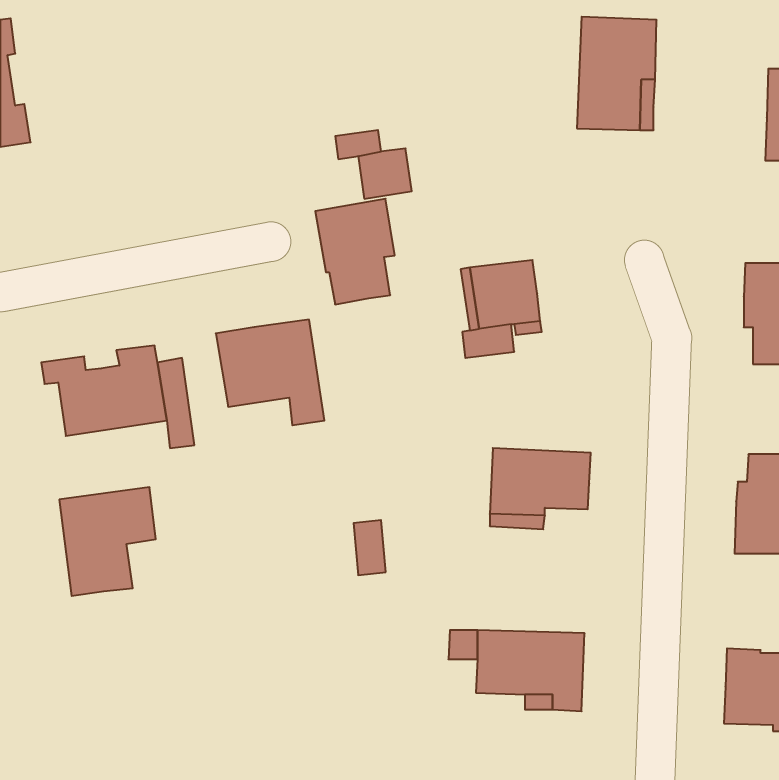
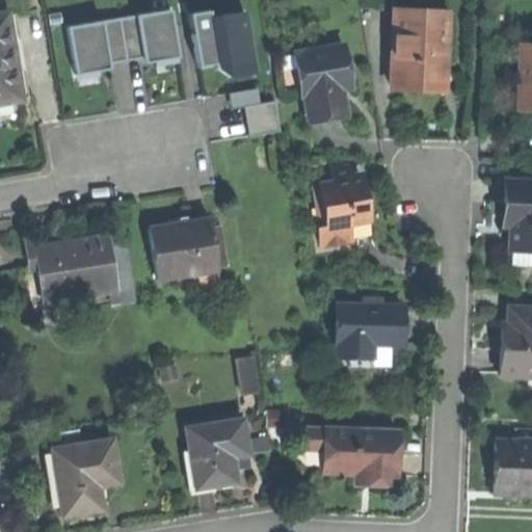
building: none -> [69,8,181,74]
building: none -> [190,9,256,75]
building: [315,199,395,304] -> [296,45,350,116]
building: [59,487,156,596] -> [54,435,119,509]
building: none -> [187,418,250,488]

